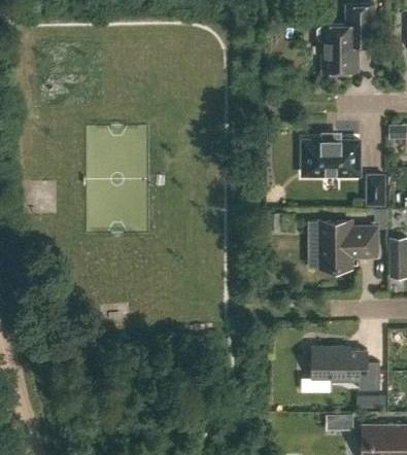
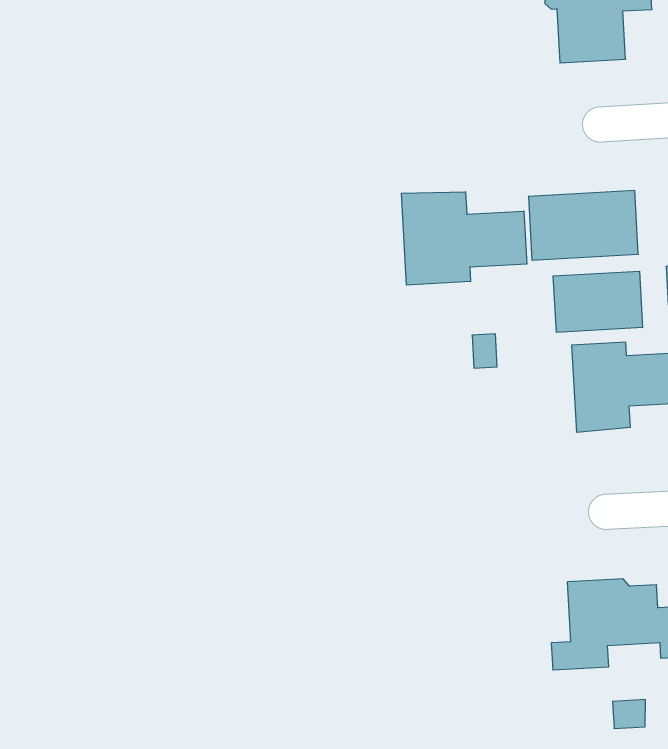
building: none -> [401,192,527,285]
building: none -> [553,271,643,332]

